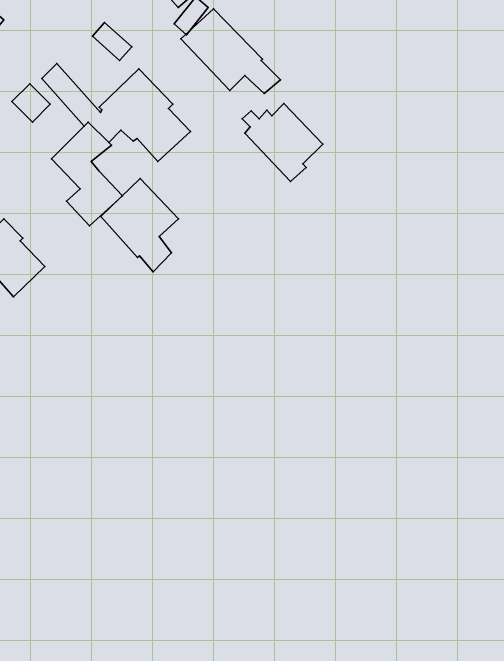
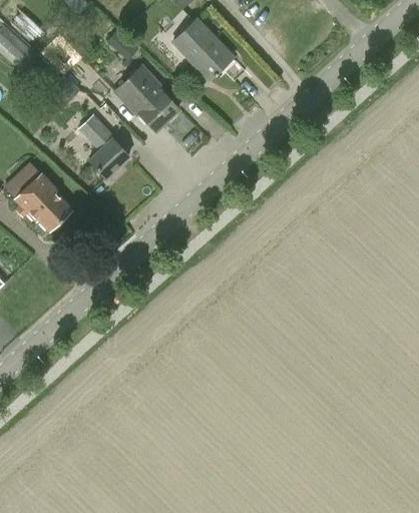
building: [242,103,323,181] -> none
building: [101,178,179,272] -> none

